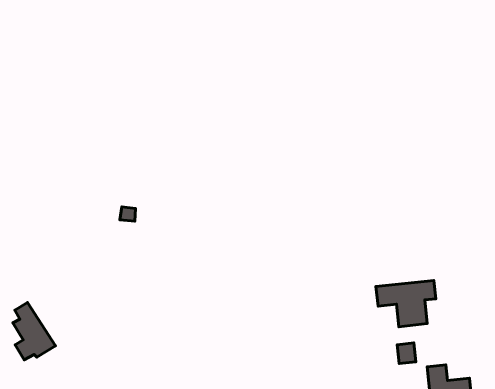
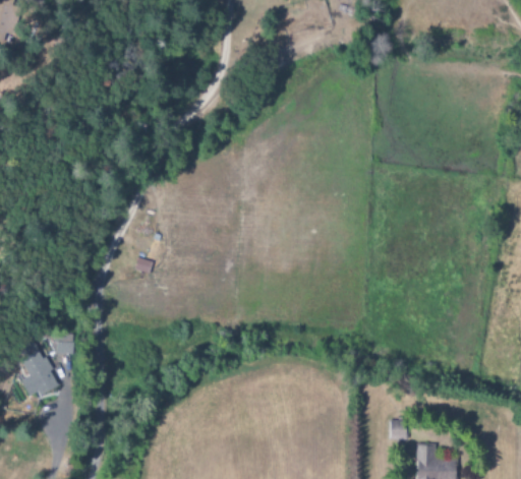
building: [376,280,436,327] -> none

